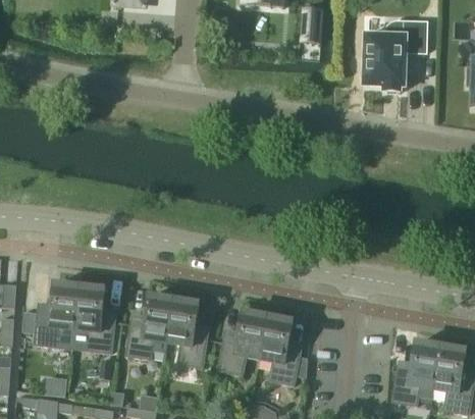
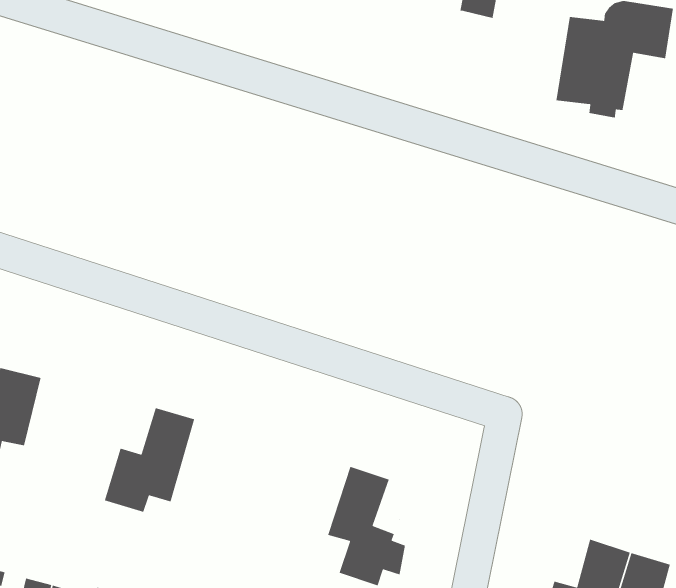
building: [73,286,115,353] -> none
building: [165,300,209,367] -> none
building: [217,312,268,375] -> none

